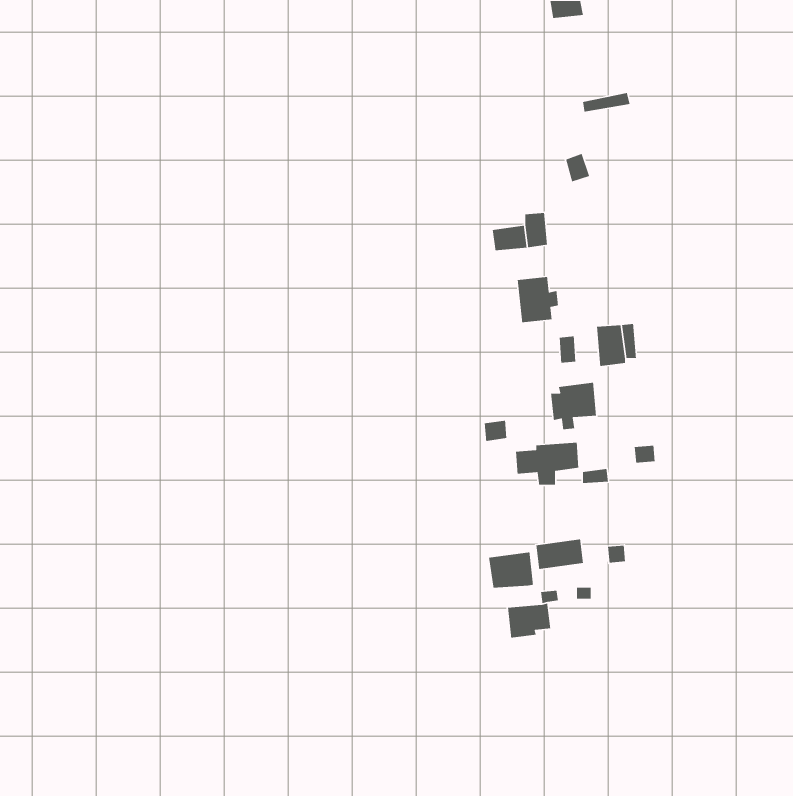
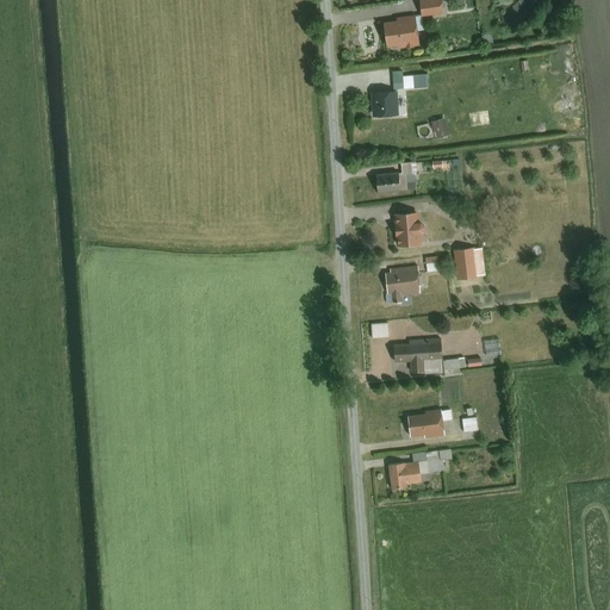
building: none -> [384,15,418,49]
building: none -> [374,92,399,118]
building: [550,382,597,430] -> [384,266,419,303]
building: [488,551,534,589] -> none

